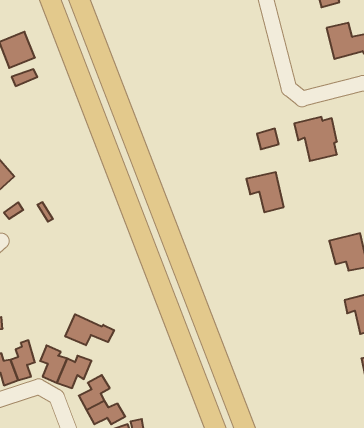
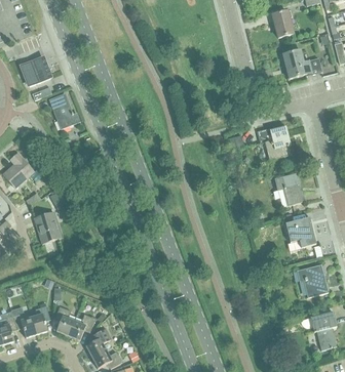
building: none -> [49,93,80,126]
building: [246,172,284,212] -> [274,172,304,204]
building: none -> [34,211,62,243]
building: [65,314,114,345] -> none

